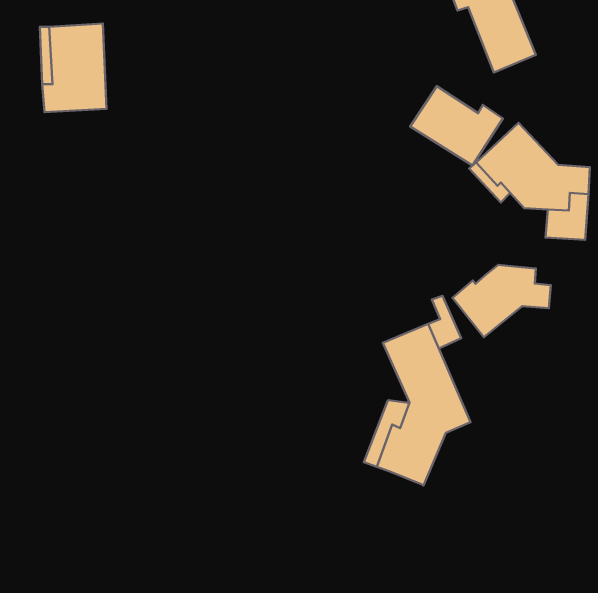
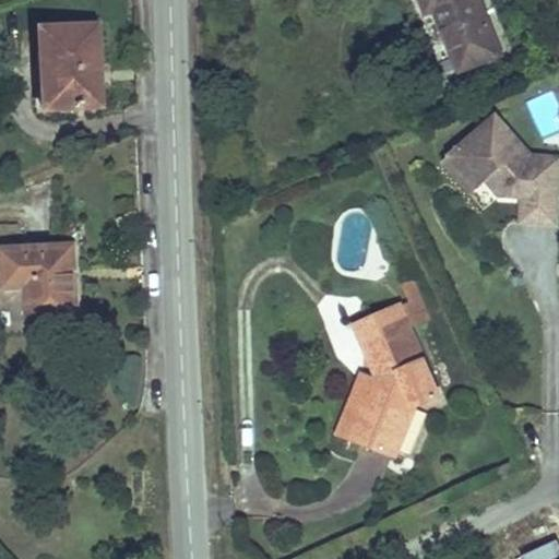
building: [410,86,503,166] -> none
building: none -> [4,243,79,320]
building: [453,265,551,337] -> none

